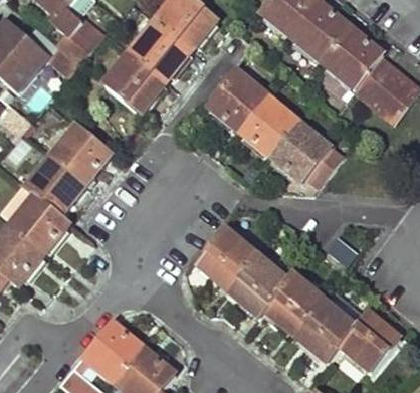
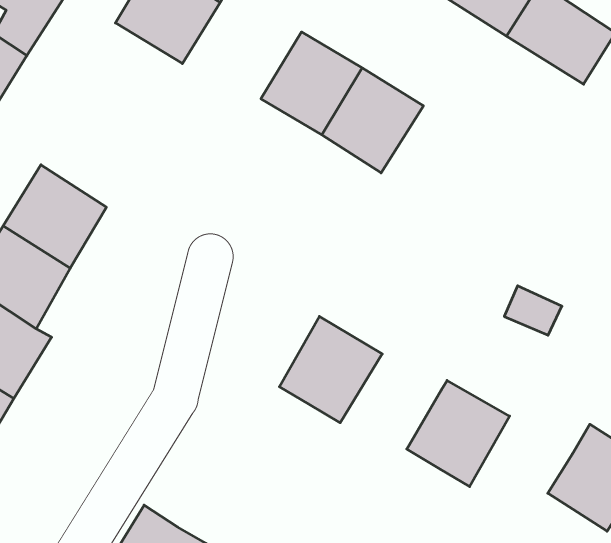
building: [109,48,168,109] -> none
building: [270,120,341,183] -> none
building: [227,255,286,316] -> none
building: [294,301,355,361] -> none

